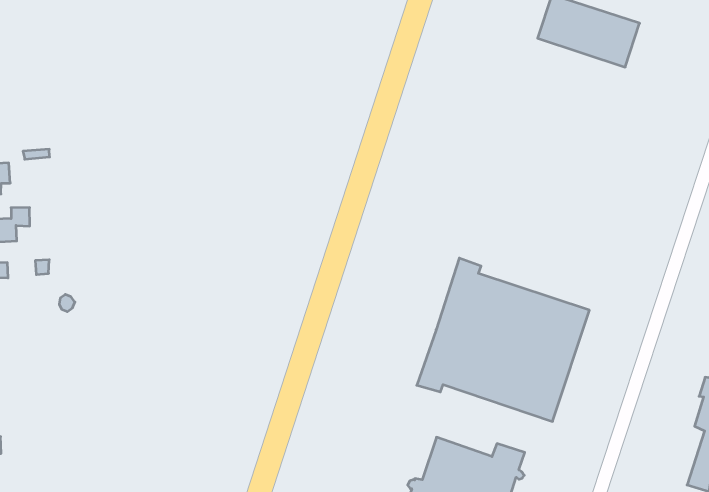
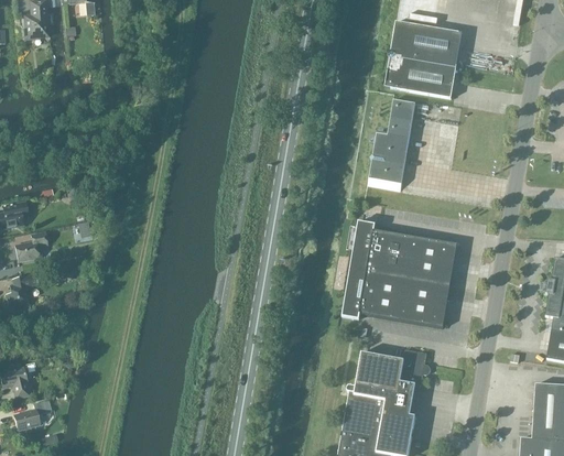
building: none -> [384,54,456,97]
building: none -> [368,99,415,189]

